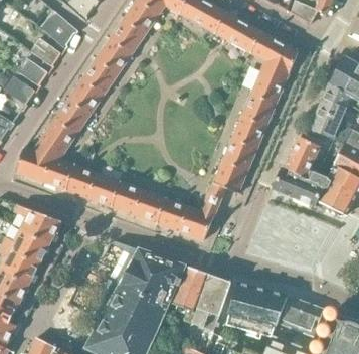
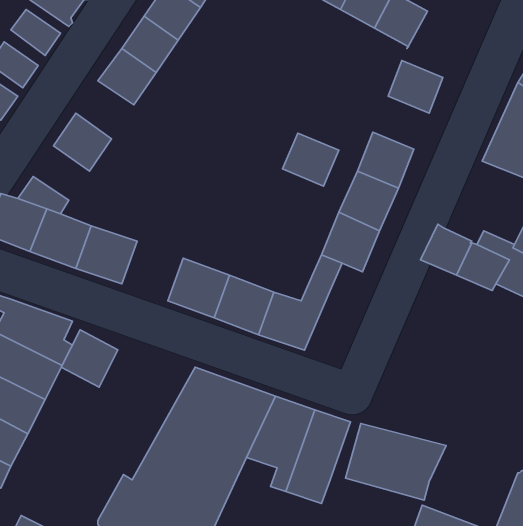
building: [260,39,297,78] -> none
building: [68,80,103,115] -> none
building: [243,90,277,121] -> [283,133,339,186]
building: [43,119,76,151] -> none
building: [285,135,319,177] -> none
building: [96,175,132,210] -> none
building: none -> [61,330,118,387]
building: [277,296,323,332] -> none

